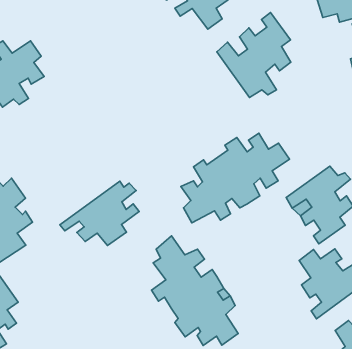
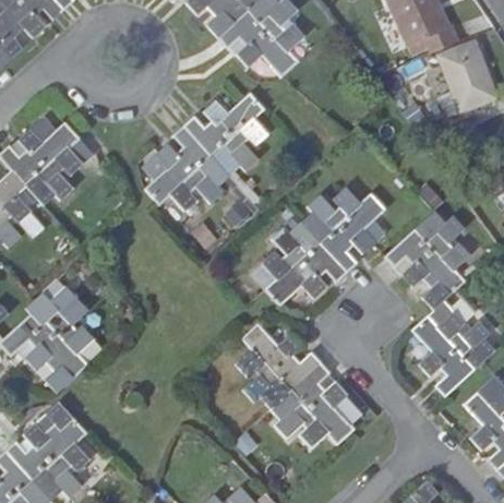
building: [217,12,291,97] -> none
building: none -> [139,92,265,211]
building: [60,181,139,246] -> none

